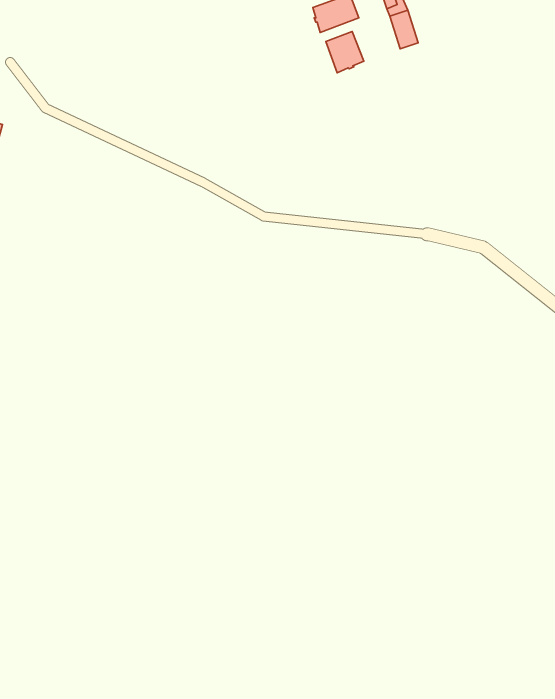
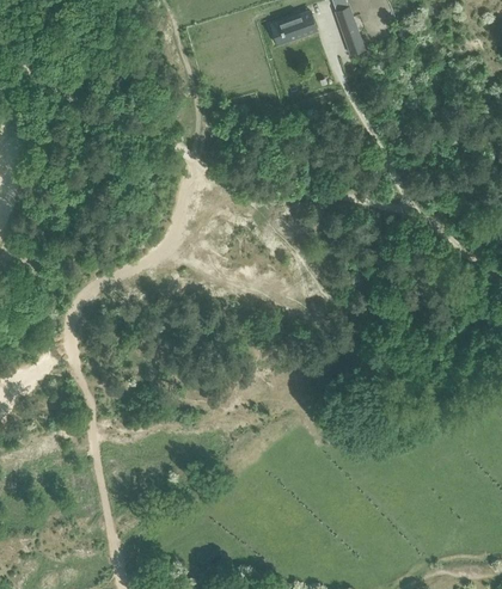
building: [326,31,364,73] -> none

